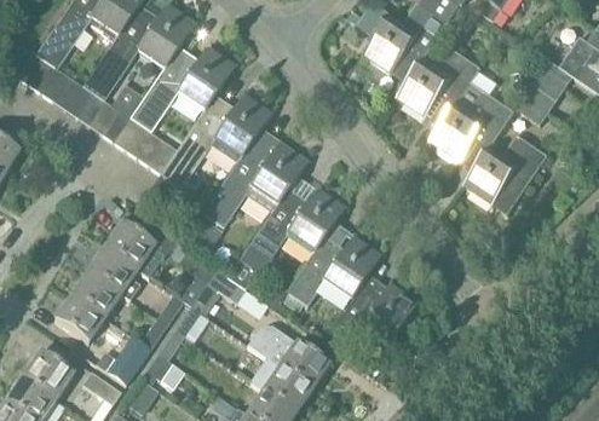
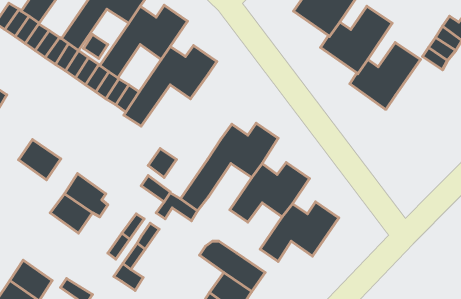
building: [201,127,306,227] -> none
building: [463,133,547,213] -> none
building: [103,223,154,271] -> [18,140,61,180]
building: [53,294,104,342] -> none
building: [108,338,148,383] -> none

